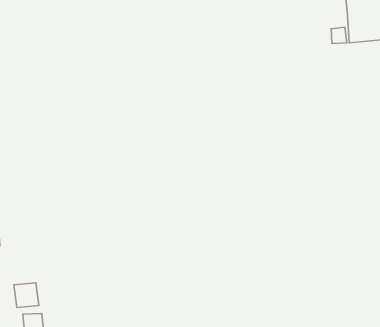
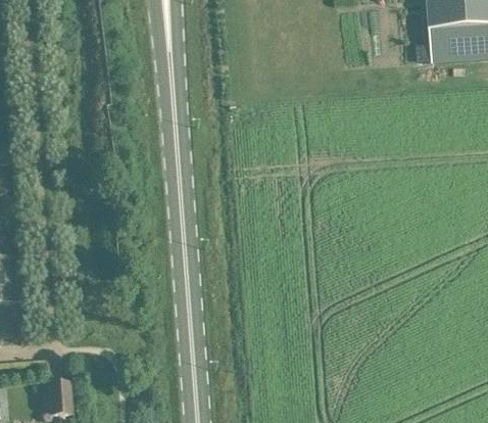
building: [14,283,39,308] -> none

